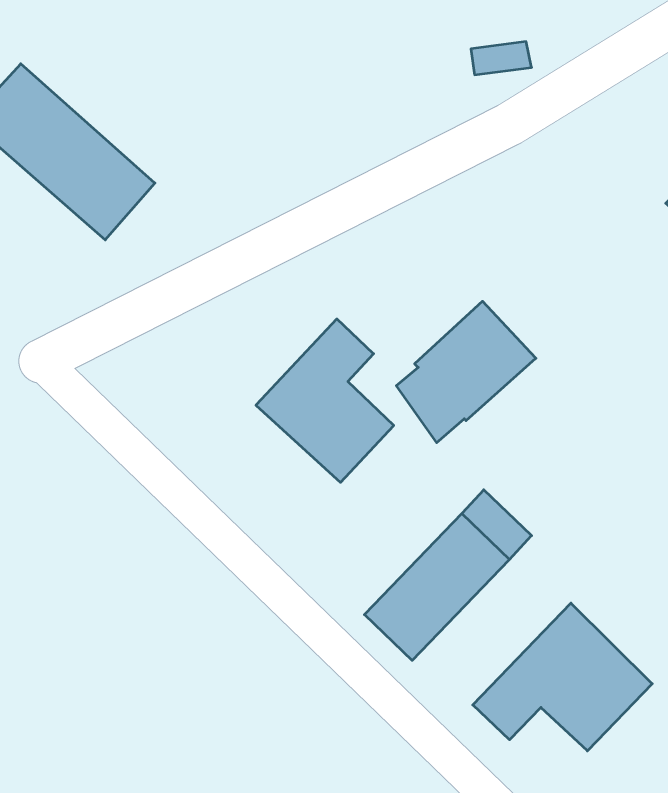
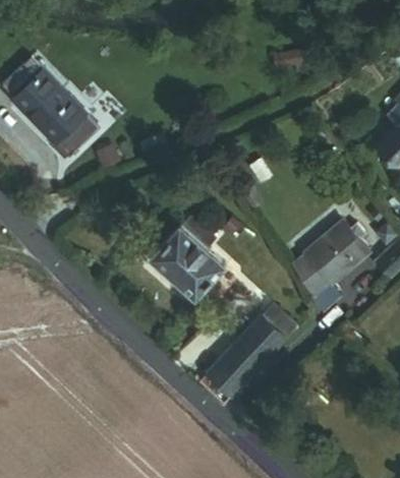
building: [396,301,536,443] -> [291,219,368,297]
building: [473,603,652,751] -> none

